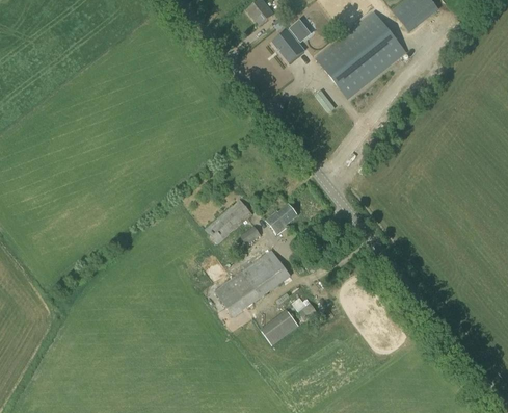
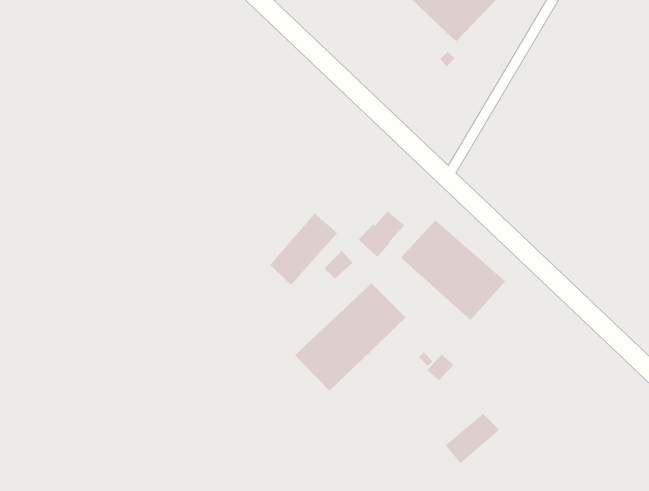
building: none -> [400,219,506,321]
building: [263,311,300,342] -> [445,413,500,464]

